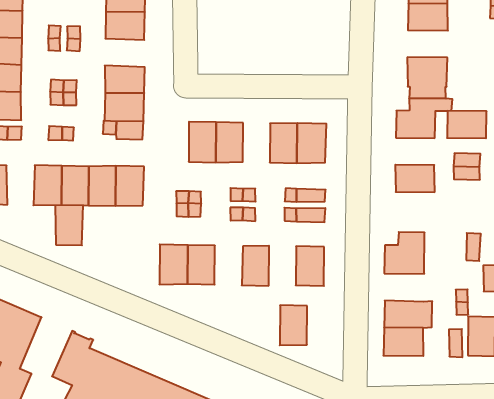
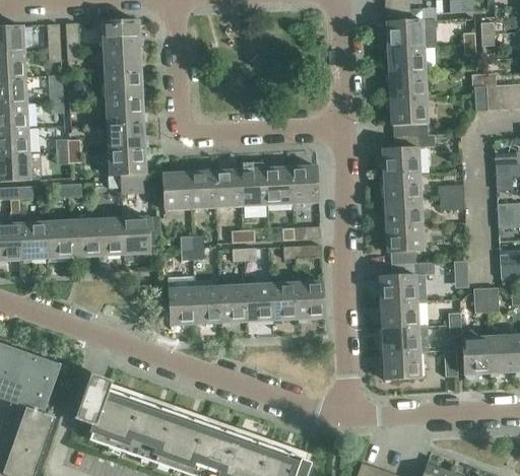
building: none -> [388,70,427,97]
building: none -> [105,96,143,123]
building: [447,111,487,138] -> [383,172,420,199]
building: none -> [160,171,190,209]
building: none -> [239,167,266,205]
building: none -> [386,222,424,262]
building: [55,205,83,245] -> [19,220,47,259]
building: none -> [219,284,247,322]
building: none -> [380,299,418,327]
building: [280,305,307,345] -> [270,281,298,320]

